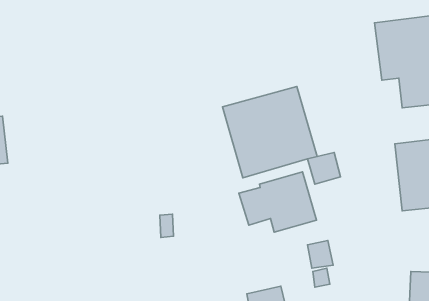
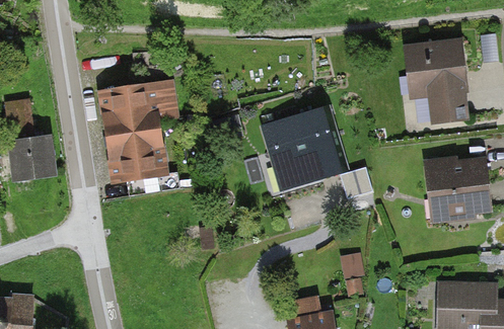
building: none -> [102,79,183,181]
building: [239,172,316,232] -> none

